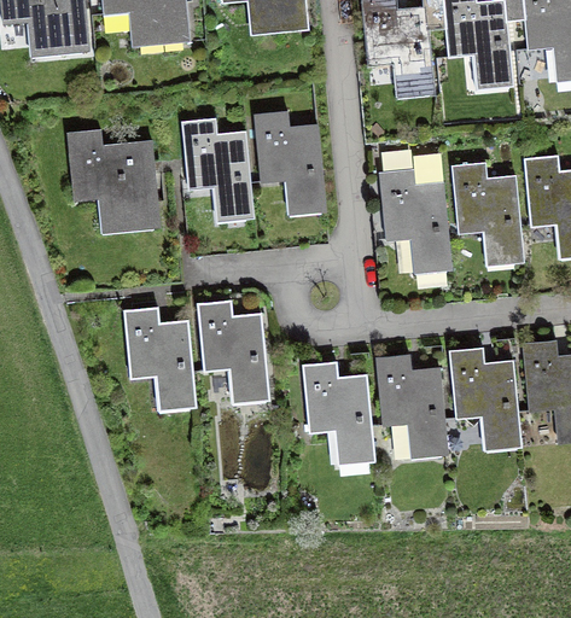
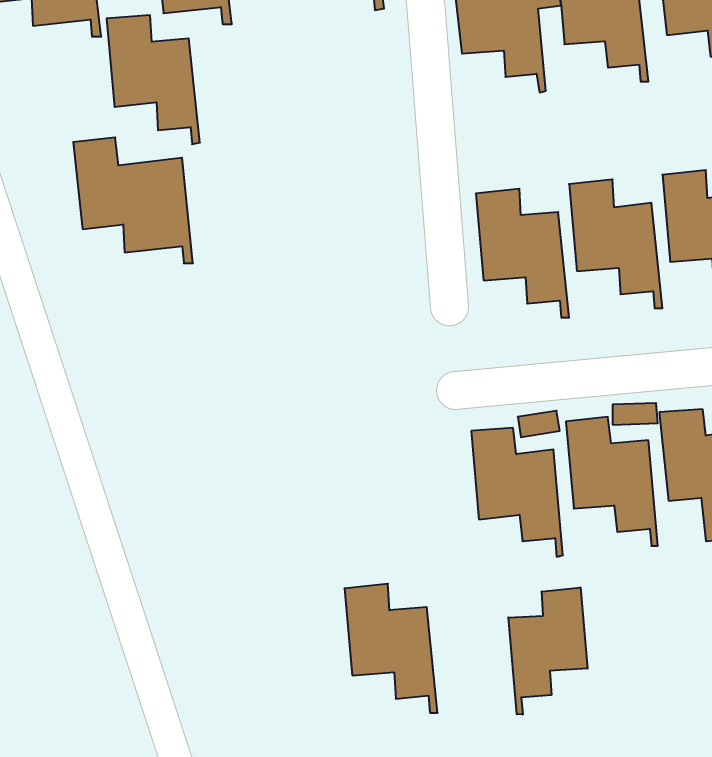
building: [254,111,325,211] -> none
building: [181,118,254,218] -> [107,15,200,144]
building: [197,301,268,401] -> none
building: [123,307,196,407] -> none
building: [302,361,374,461] -> [344,584,438,713]
building: none -> [508,587,588,715]

